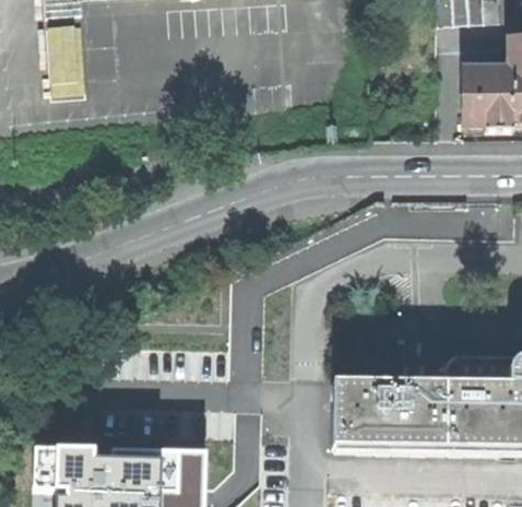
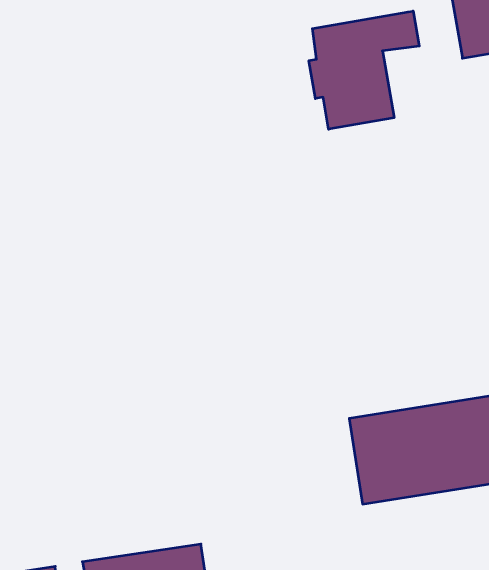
building: none -> [309,11,419,129]

